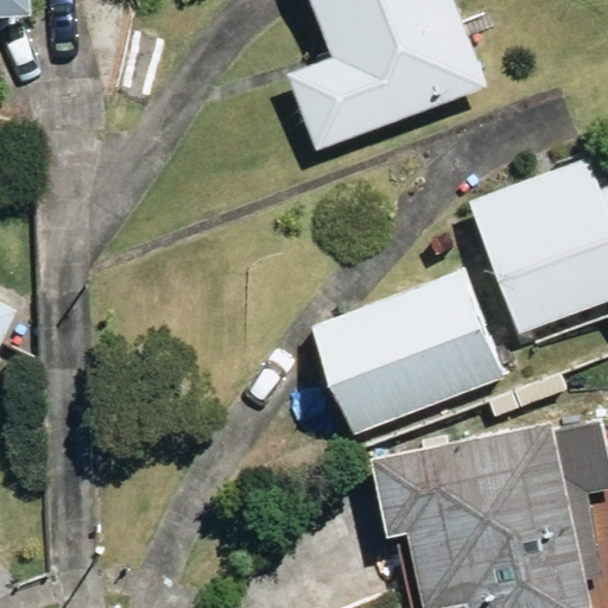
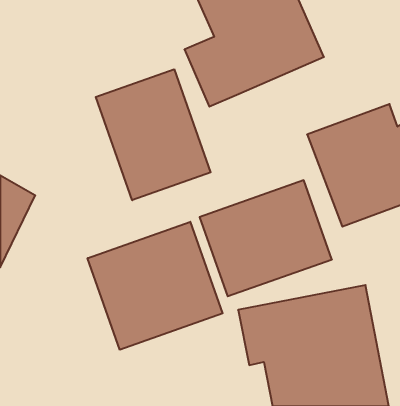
building: none -> [96,69,211,200]
building: none -> [88,222,223,350]

